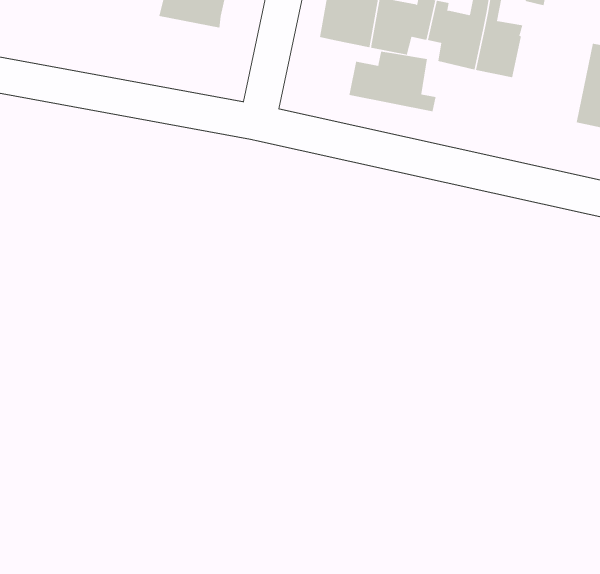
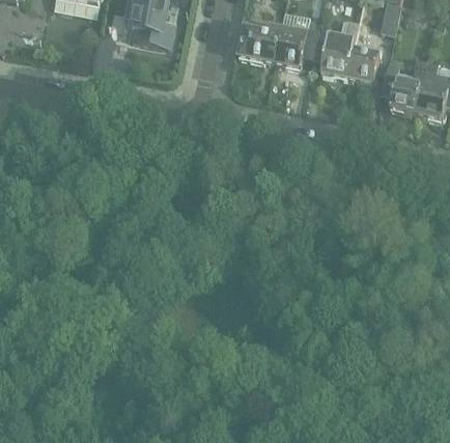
building: none -> [383,57,427,115]
building: [349,51,436,112] -> none

